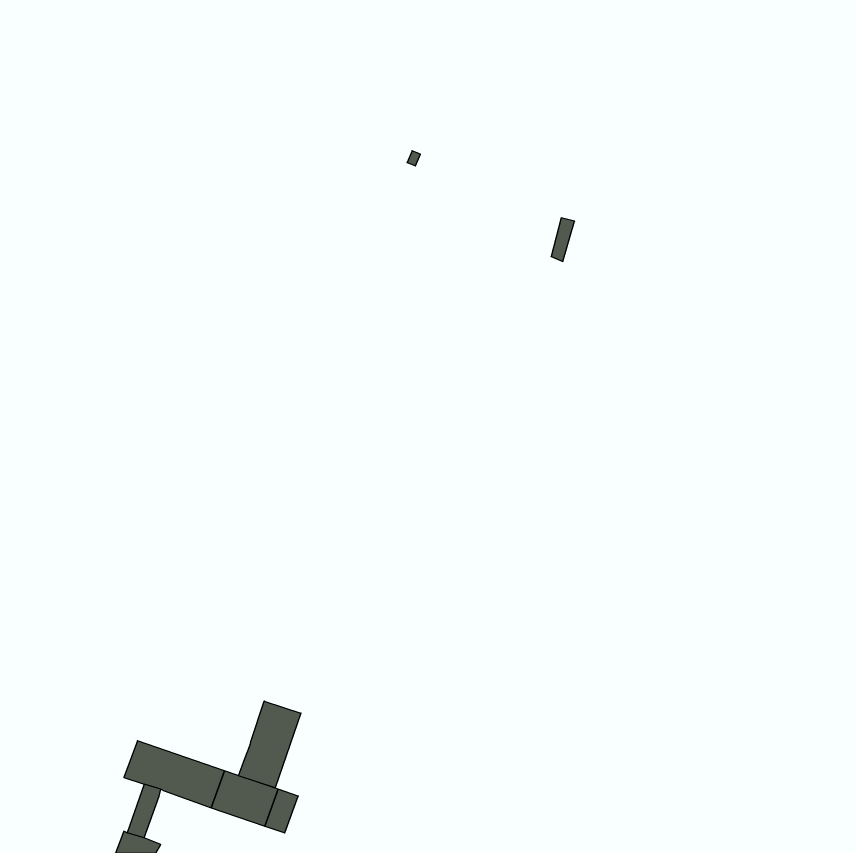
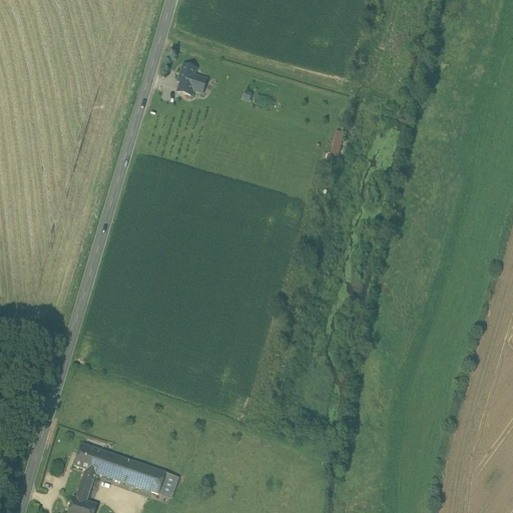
building: none -> [178,64,206,94]
building: [239,701,301,788] -> none

